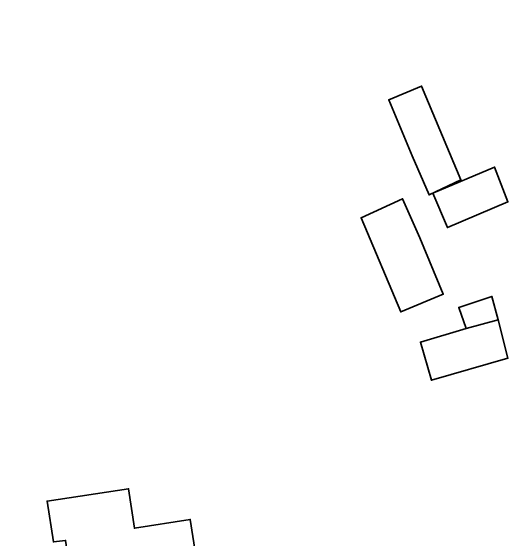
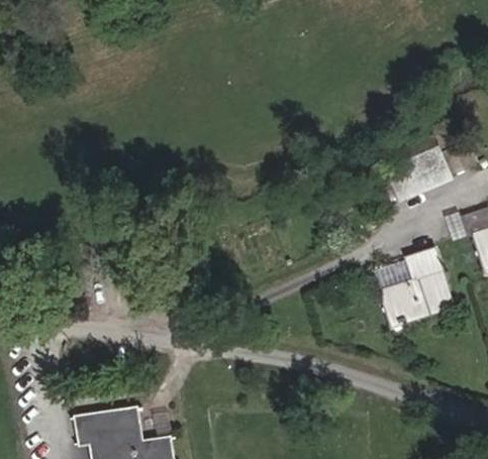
building: [389,86,461,195] -> none
building: [361,199,443,312] -> none

